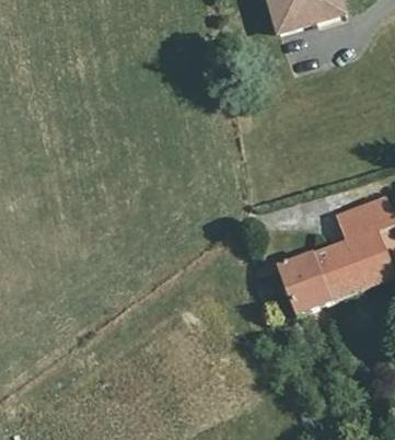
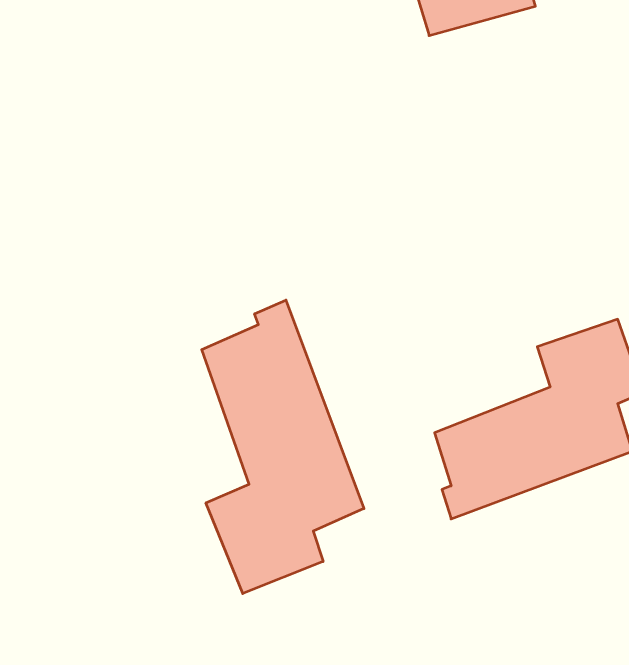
building: none -> [202,300,364,594]

